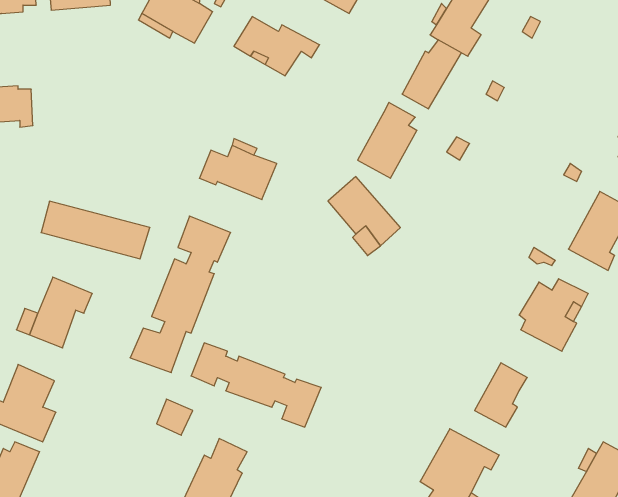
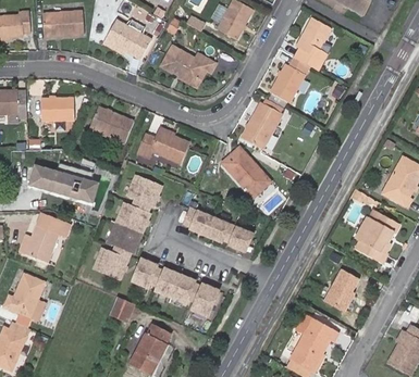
building: none -> [39,100,75,123]
building: none -> [93,104,137,142]
building: none -> [182,209,250,251]

